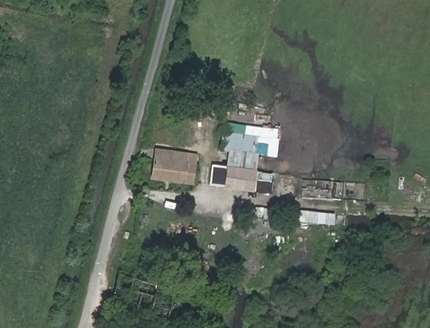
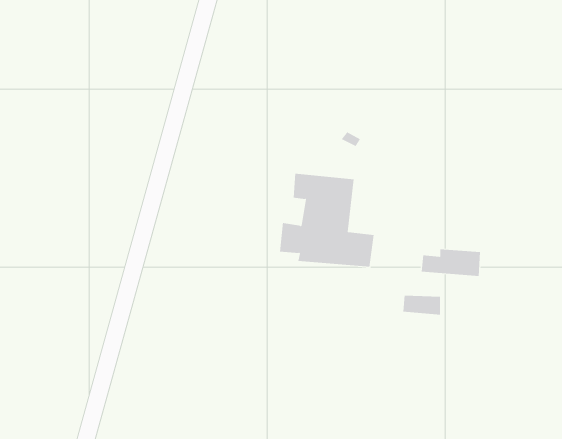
building: [151,157,195,184] -> none

